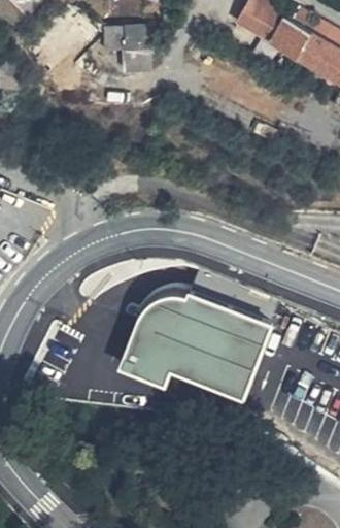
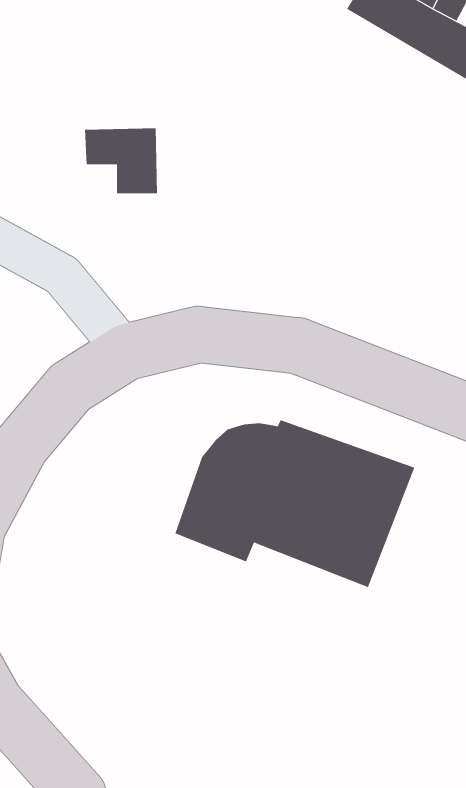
building: [101,24,148,66] -> [84,128,158,194]

